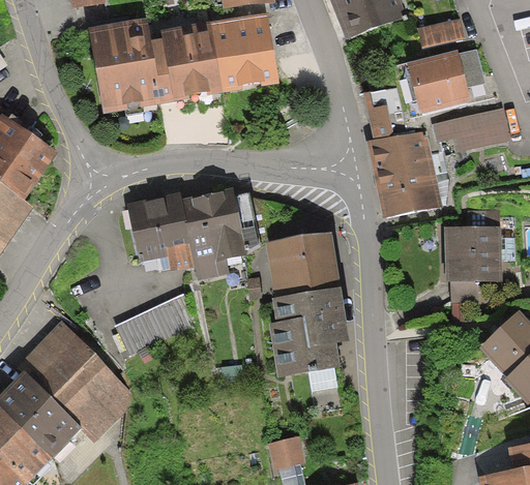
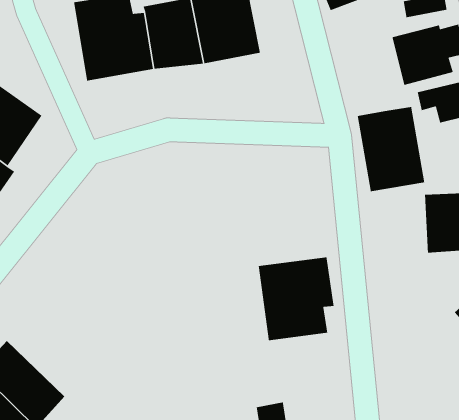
building: [366,98,404,145] -> none
building: [132,187,258,276] -> none
building: [264,228,344,297] -> none
building: [114,296,192,354] -> none
building: [19,326,132,445] -> none

